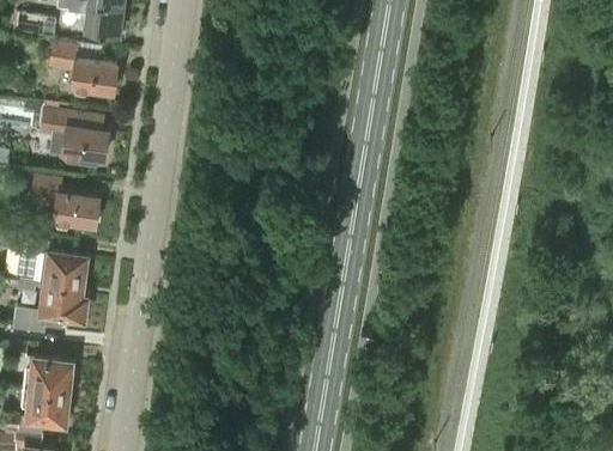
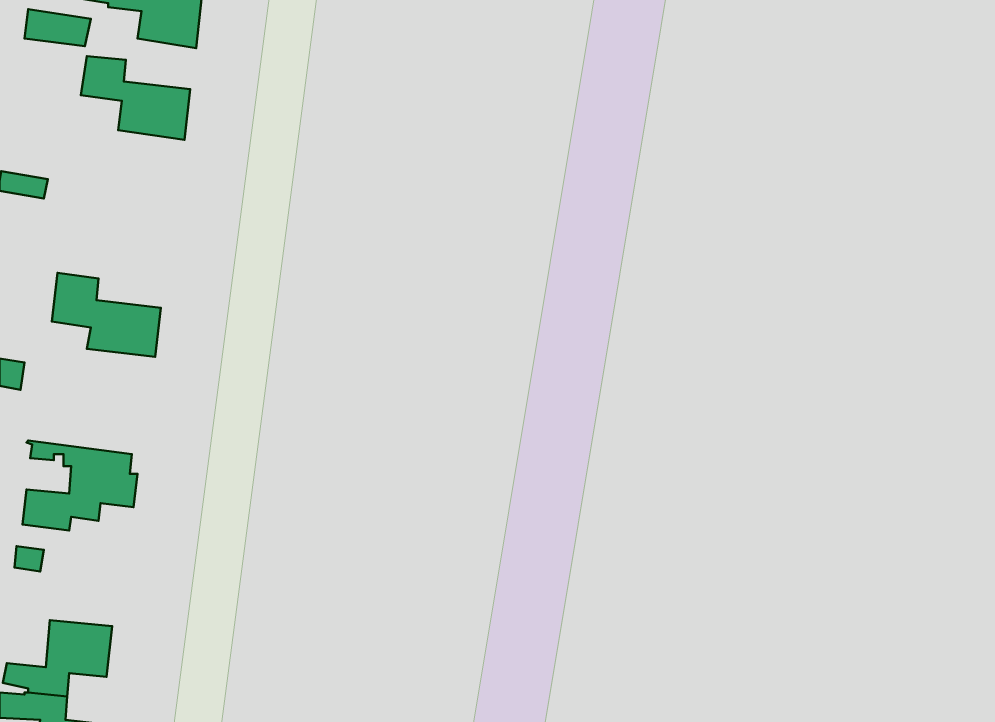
building: [42,108,109,166] -> none
building: [18,240,85,286] -> none
building: [31,358,72,391] -> none

